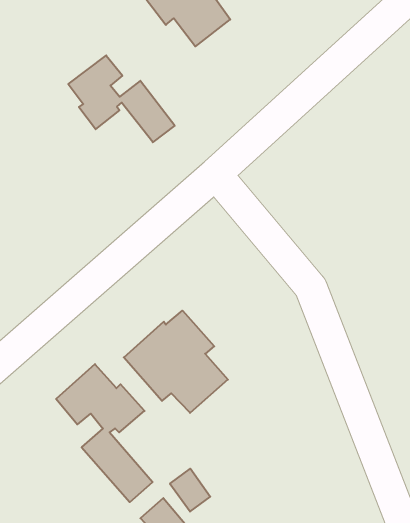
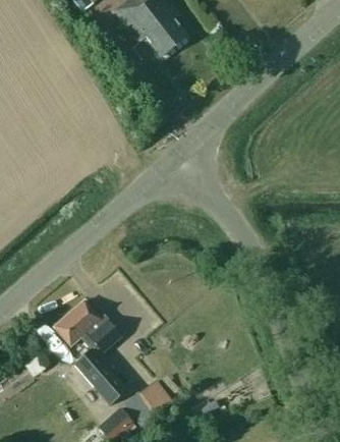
building: [68,55,175,142] -> none
building: [124,311,228,413] -> none

